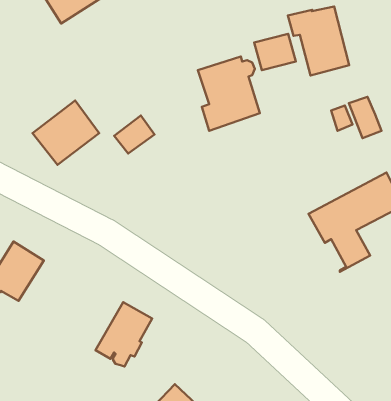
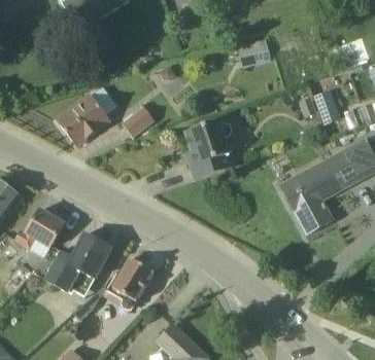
building: [288,6,349,75] -> none
building: [198,56,260,131] -> [186,119,237,180]
building: none -> [45,232,112,296]

